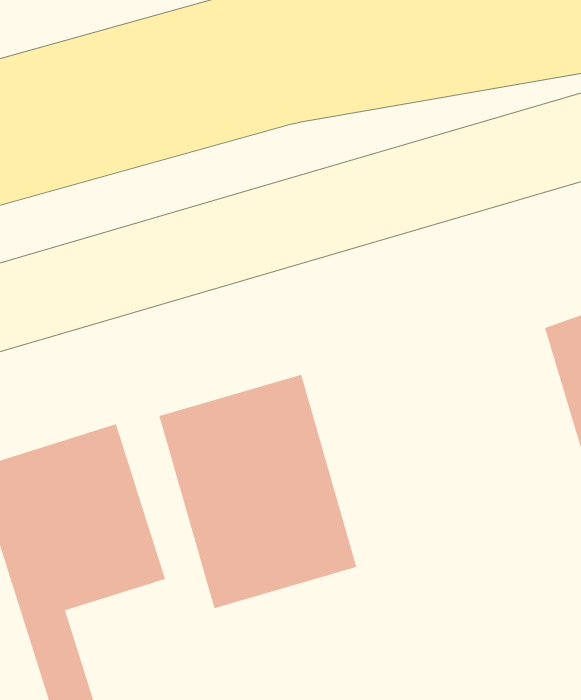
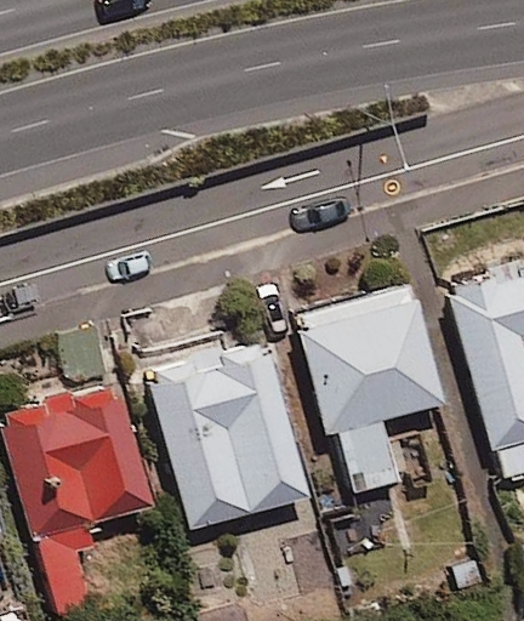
building: none -> [300,290,450,445]

